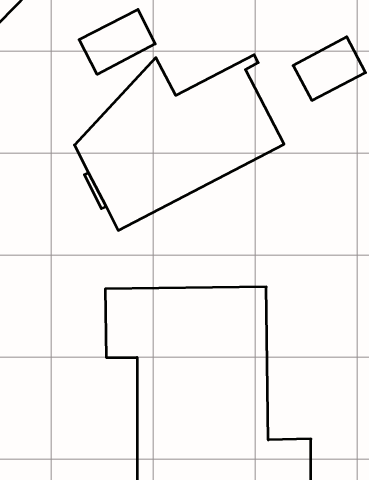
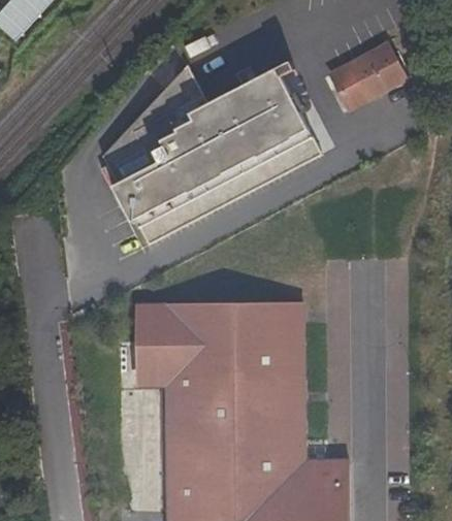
building: [79,9,155,74] -> none

